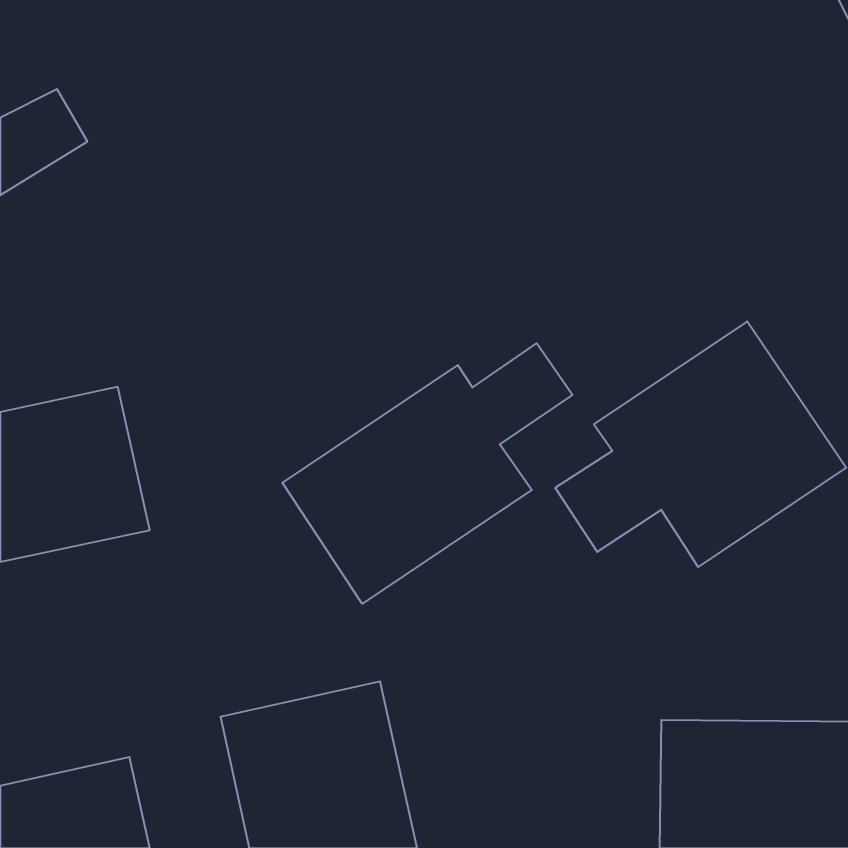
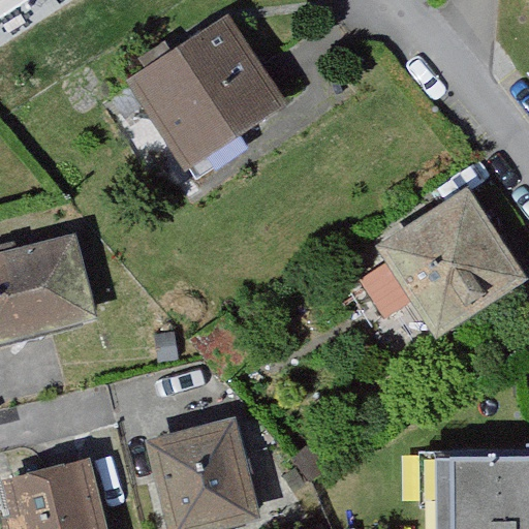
building: none -> [117,7,288,173]
building: [282,343,572,604] -> none

